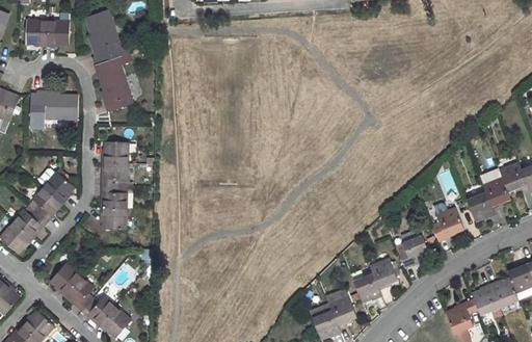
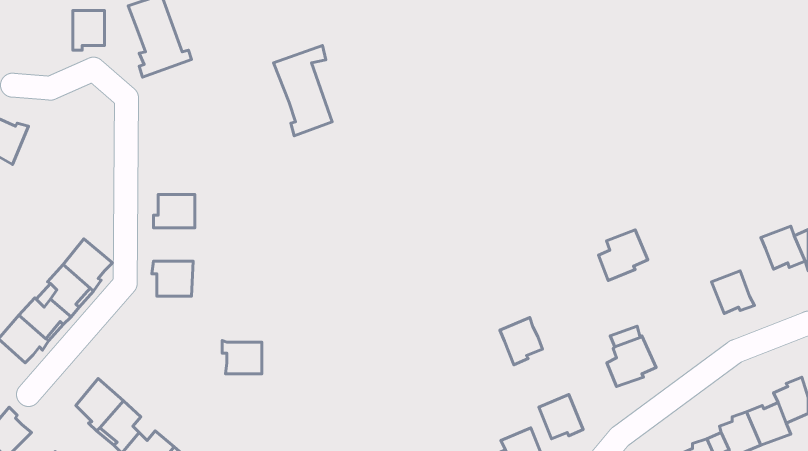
building: [26,20,48,47] -> none
building: [94,53,132,112] -> [273,46,332,136]
building: [36,91,78,119] -> none
building: [101,163,128,185] -> none
building: [483,177,510,208] -> none
building: [100,207,126,229] -> [222,341,262,374]
building: [431,207,463,240] -> [599,230,648,280]
building: [370,257,398,288] -> [500,317,542,365]

